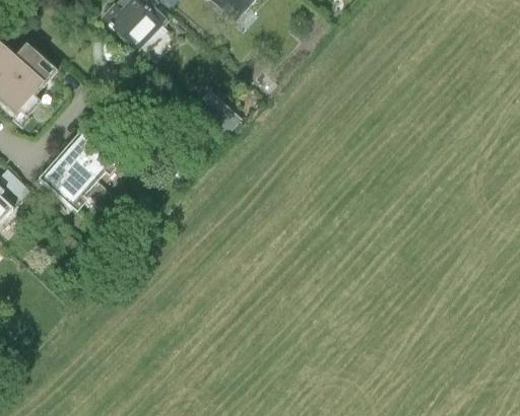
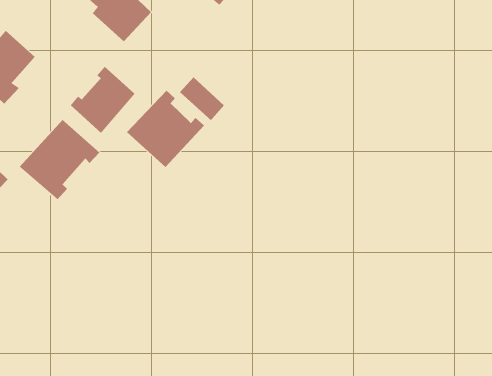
building: none -> [70,66,136,134]
building: none -> [126,90,205,168]

